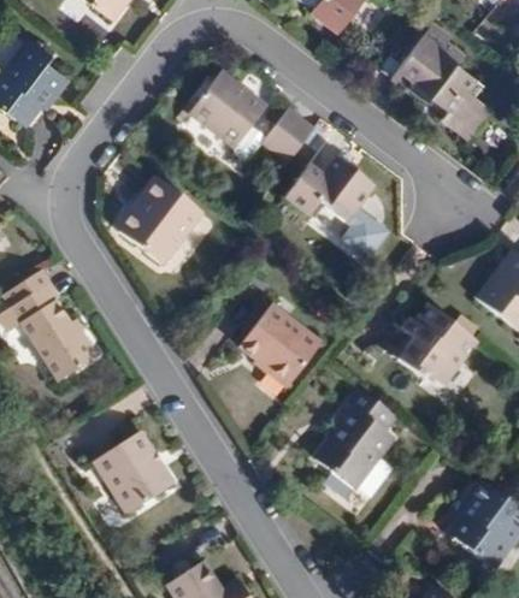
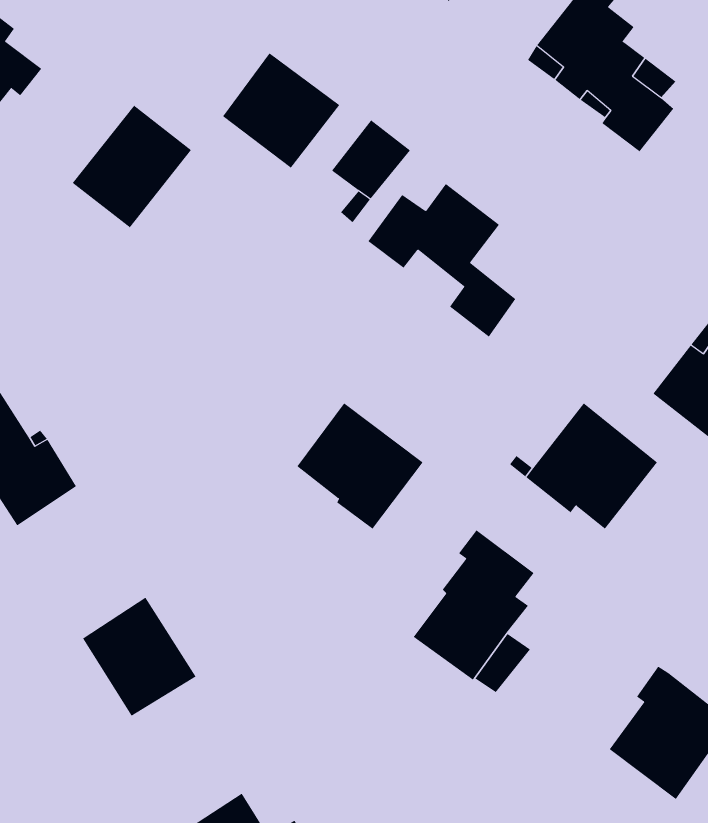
building: [122,178,201,260] -> [72,105,192,228]

